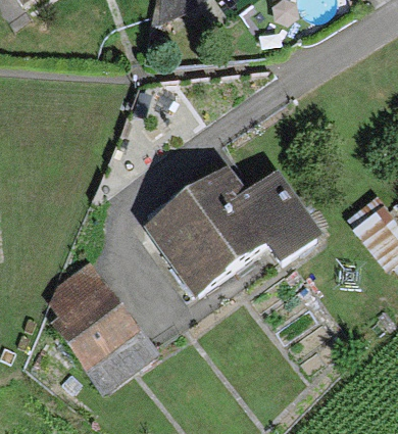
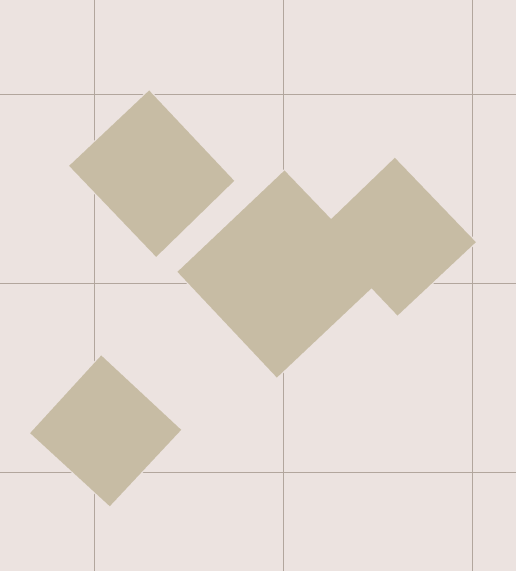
building: none -> [68,90,235,258]

